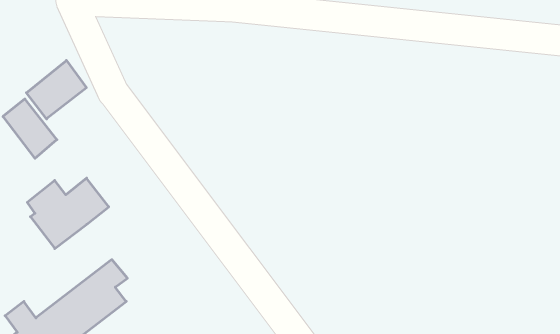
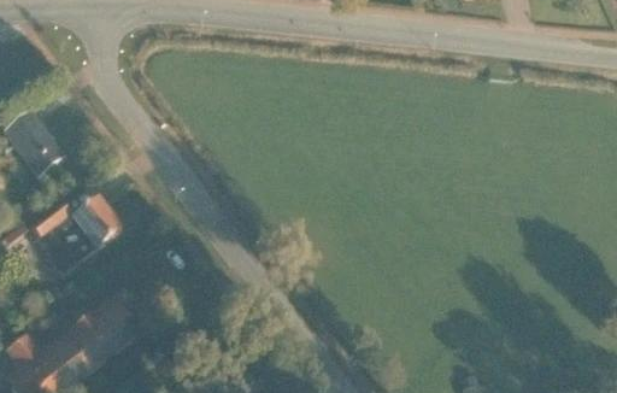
building: [26,60,86,119] -> none

